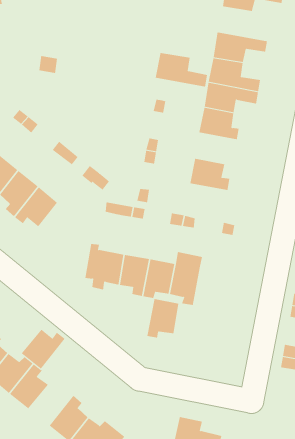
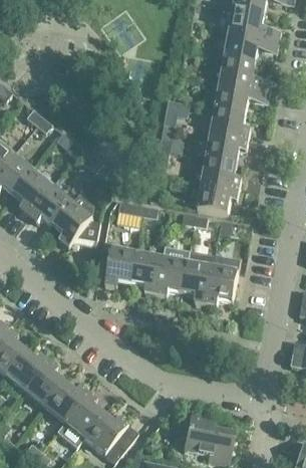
building: [155,52,208,87] -> [229,7,281,41]
building: none -> [207,132,249,163]
building: none -> [198,182,240,213]
building: none -> [53,201,99,249]
building: [147,298,179,338] -> [206,265,238,304]
building: [21,329,66,369] -> [43,381,87,421]

